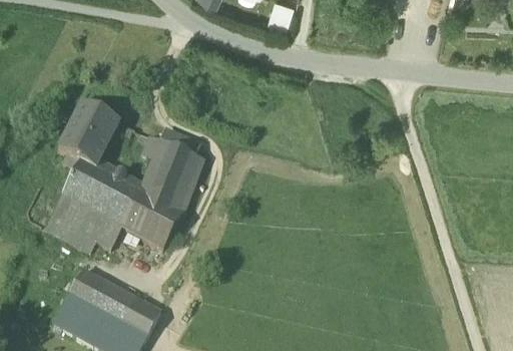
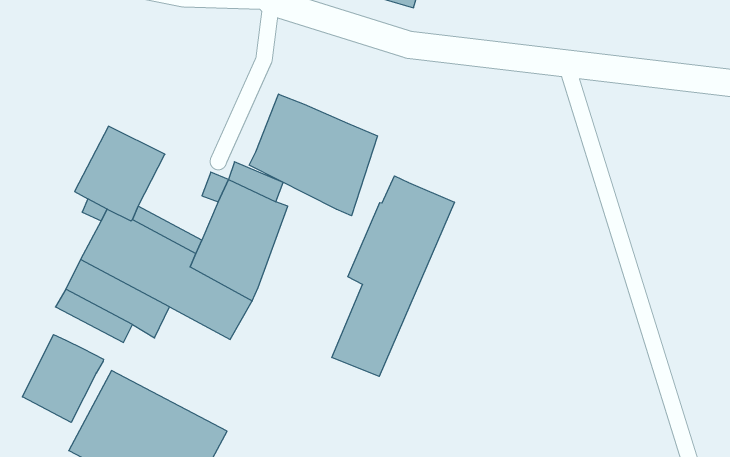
building: none -> [249,94,378,216]
building: none -> [332,176,454,376]
building: none -> [22,335,103,422]

